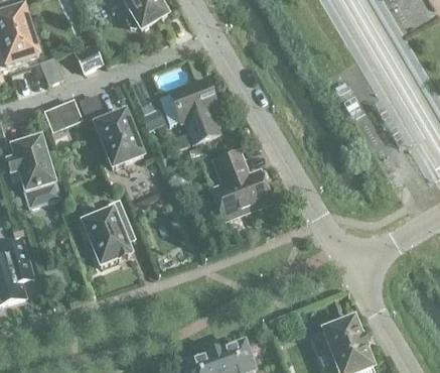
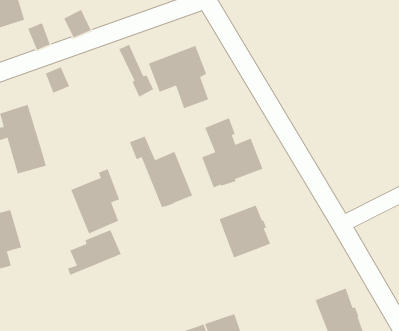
building: [80,95,143,166] -> [129,136,193,208]
building: none -> [219,204,271,259]
building: none -> [67,229,122,276]

